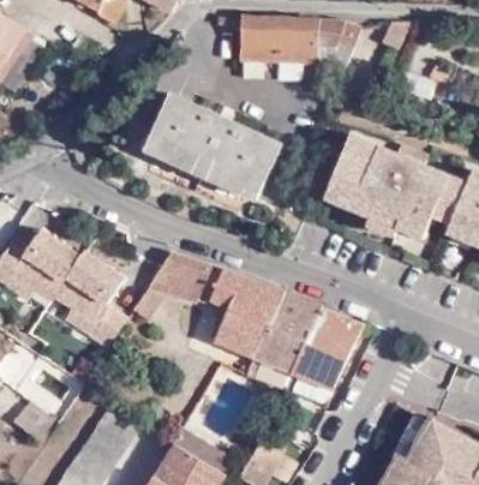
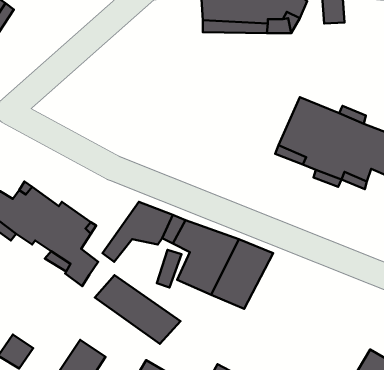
building: [148,98,280,204] -> none
building: [291,310,364,390] -> none
building: none -> [95,275,181,344]

